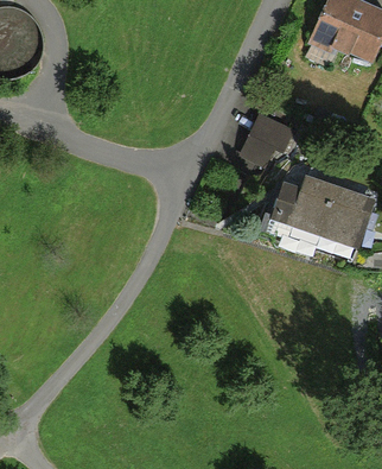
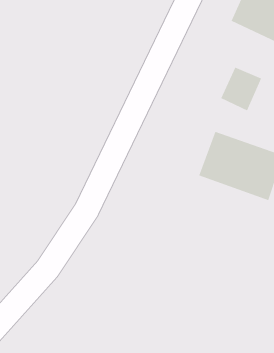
building: [235,116,286,171] -> [220,66,262,111]

